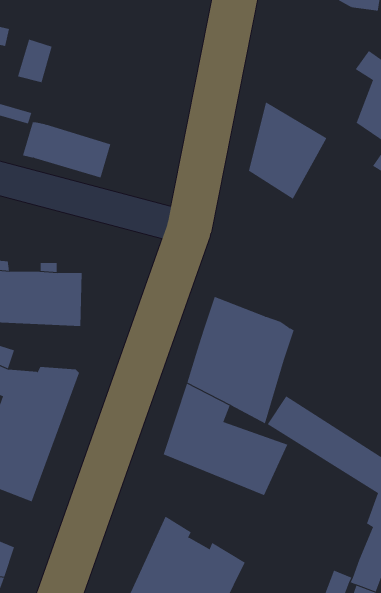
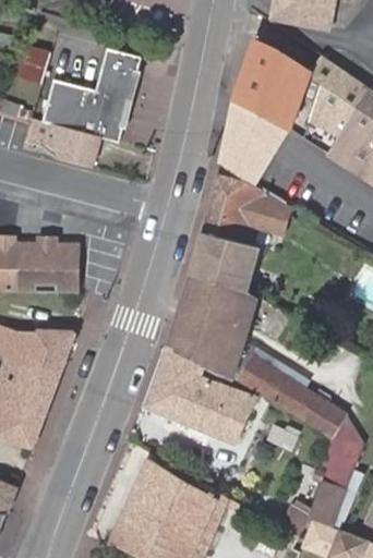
building: none -> [234,39,312,132]
building: none -> [44,49,142,143]
building: none -> [190,177,289,291]

